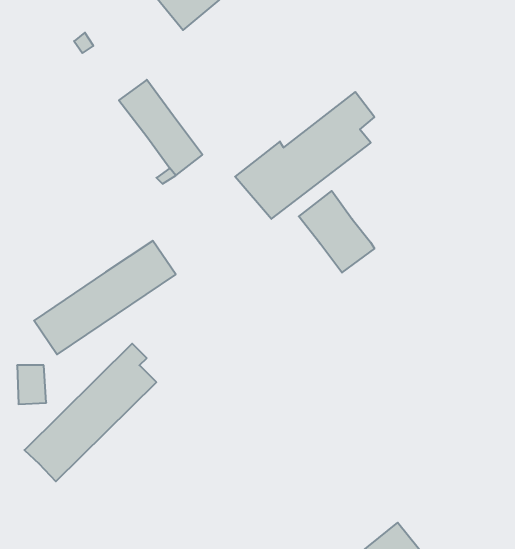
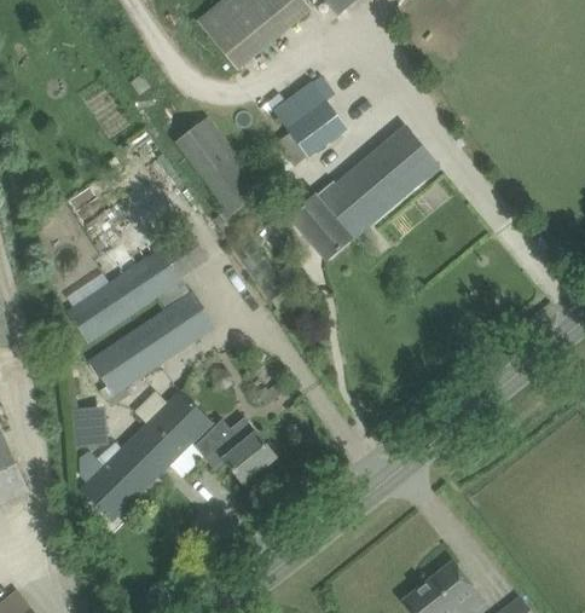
building: none -> [271,74,346,157]
building: none -> [66,230,203,342]
building: [299,191,374,273] -> none
building: none -> [191,418,274,482]

